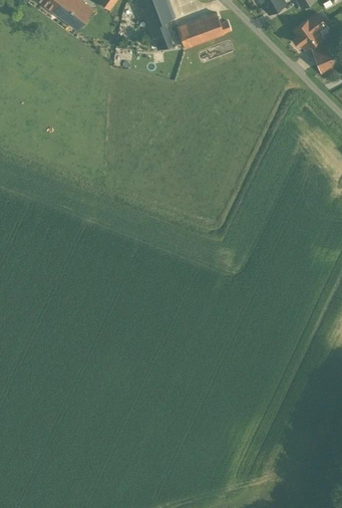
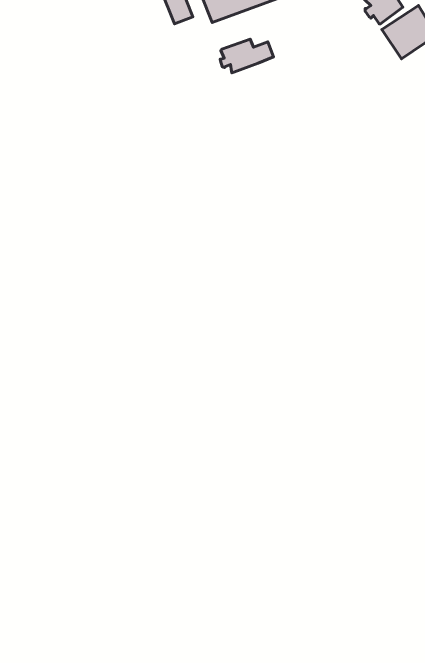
building: none -> [220,39,273,73]

